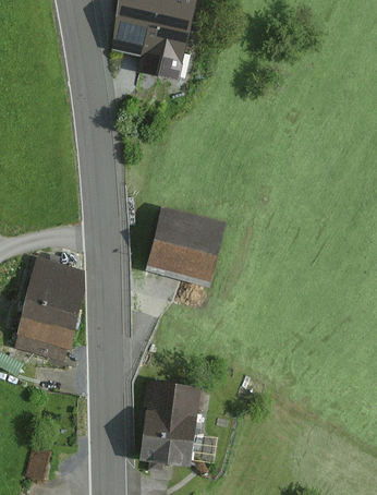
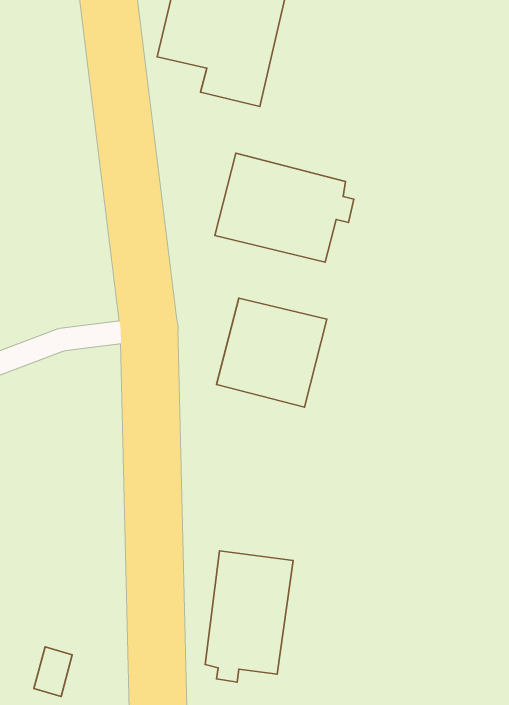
building: none -> [215,153,354,262]
building: [16,256,85,360] -> none

